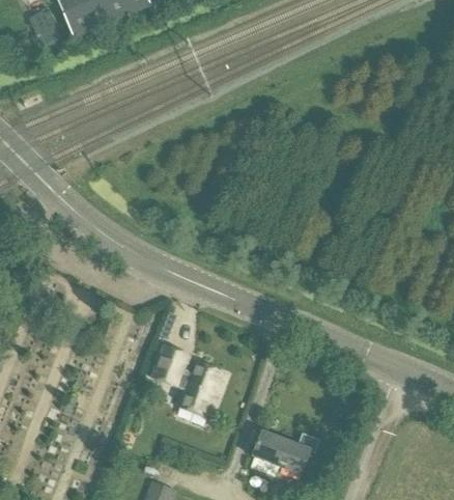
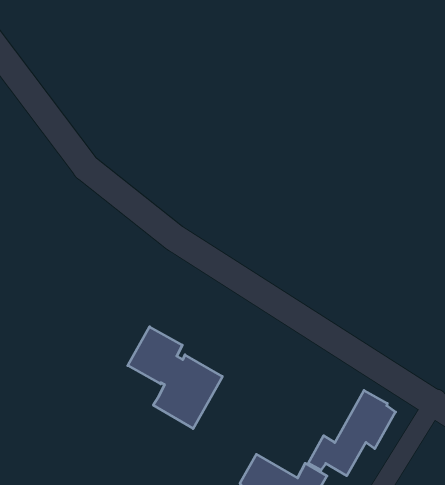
building: none -> [308,390,396,476]

